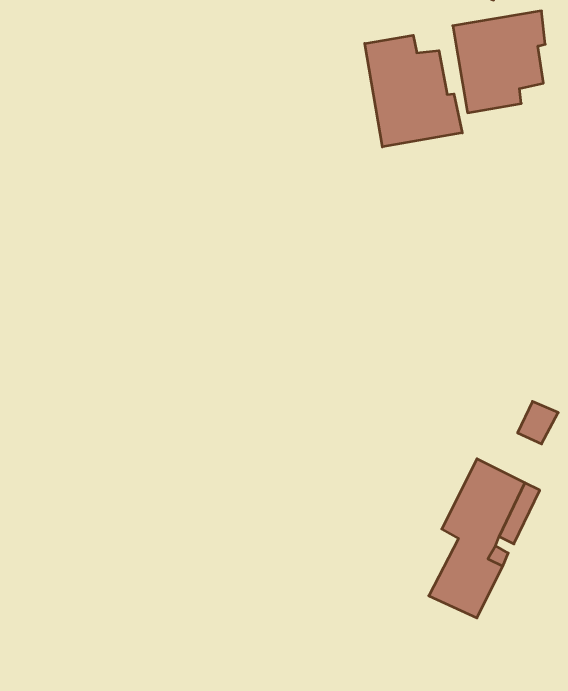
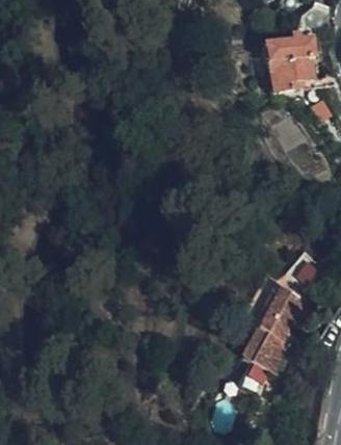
building: [365,35,462,147] -> none

